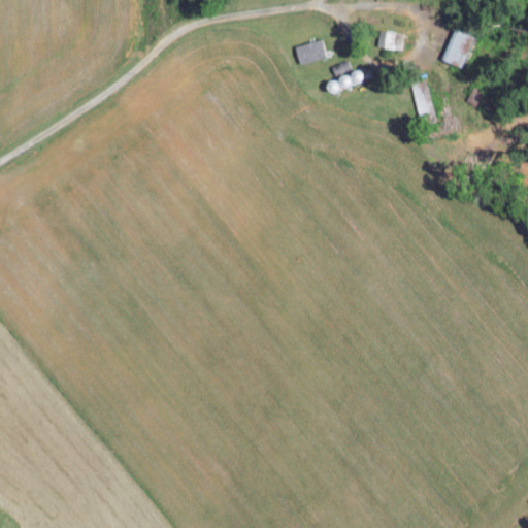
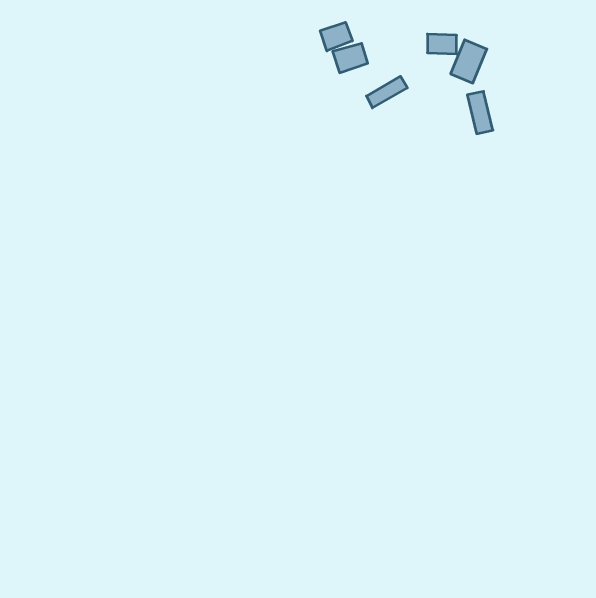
building: none -> [320,22,352,51]
building: [441,30,473,68] -> [451,40,487,83]

